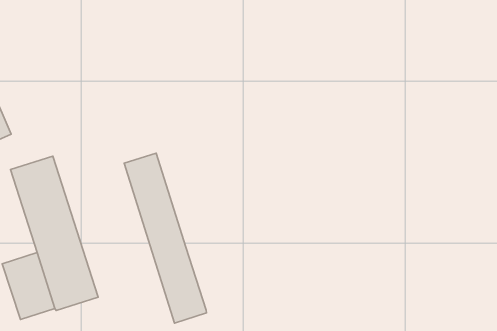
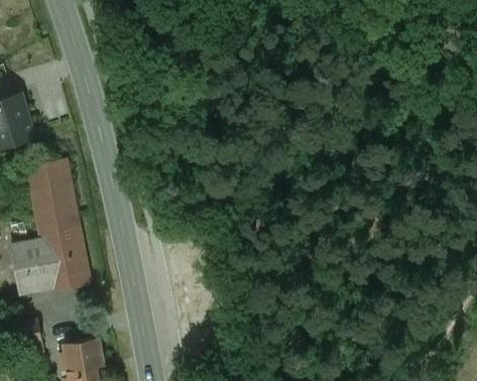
building: [124,153,206,323] -> none

